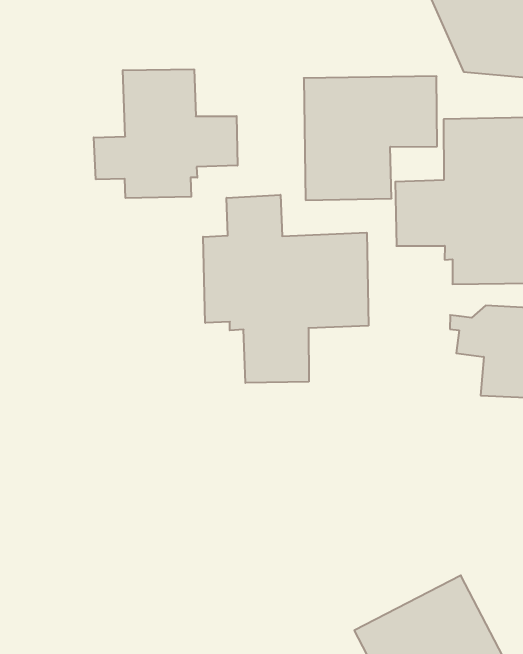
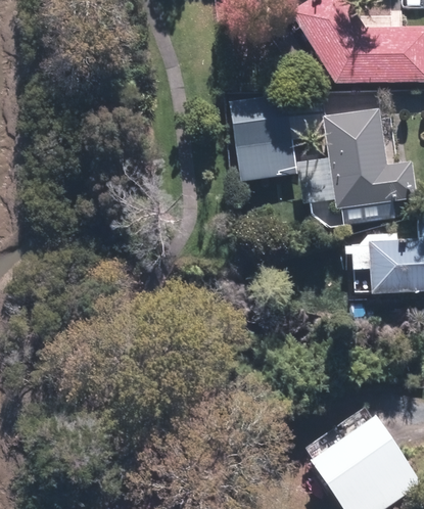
building: [94,69,237,198] -> none
building: [203,195,368,383] -> none

